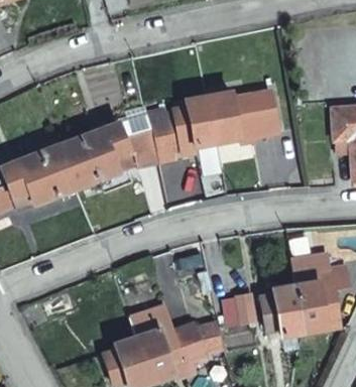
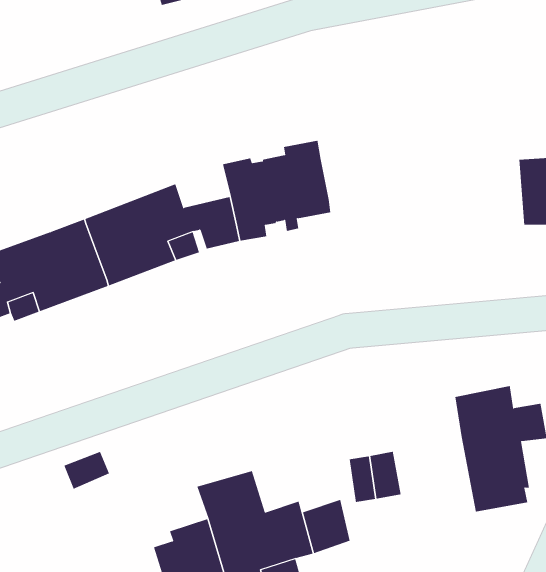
building: [207,93,277,143] -> none
building: [263,284,306,336] -> none

